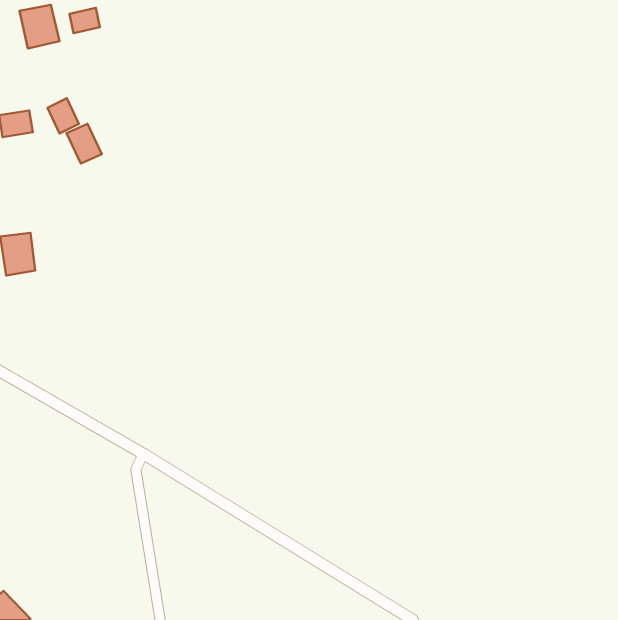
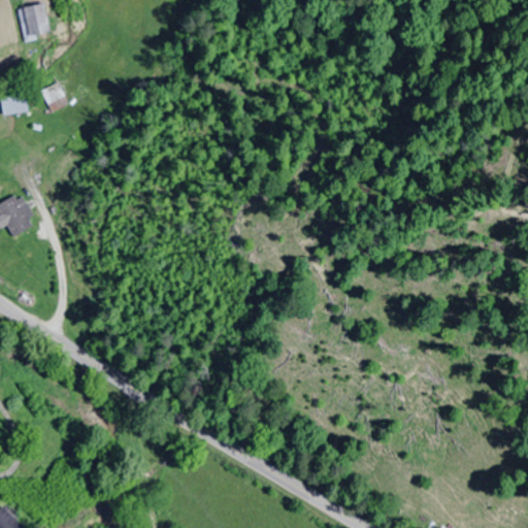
building: [69,8,100,33] -> none
building: [67,124,102,164] -> none

